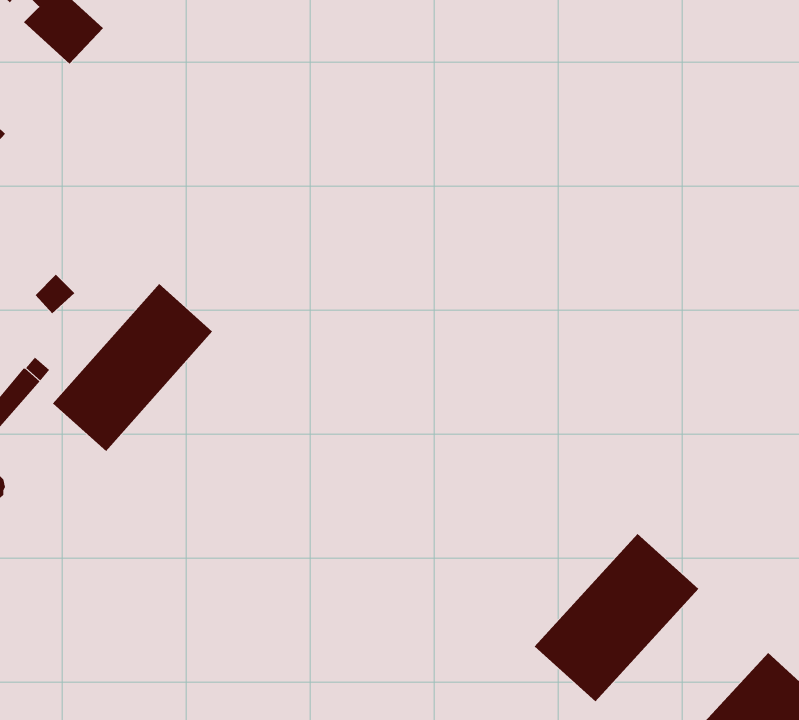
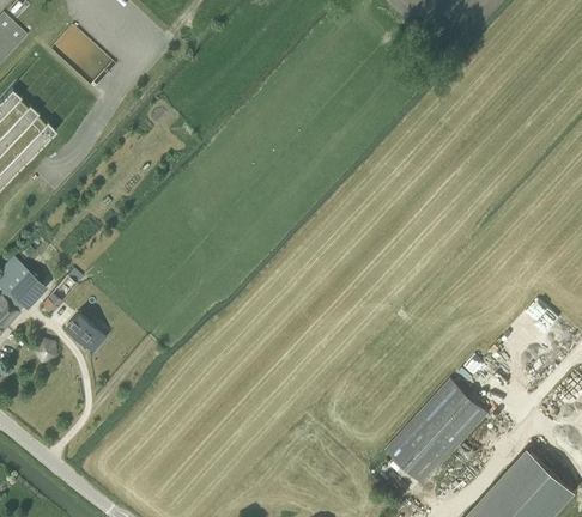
building: [52,283,213,452] -> none
building: none -> [66,312,99,347]

